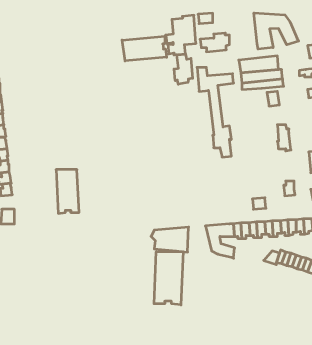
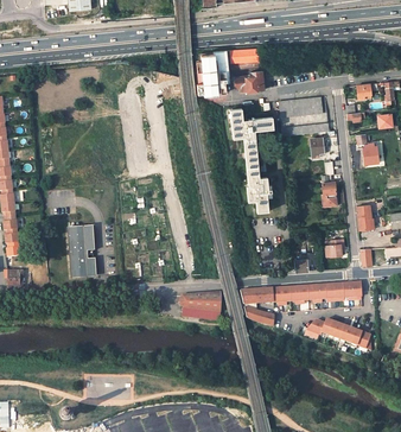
building: [254,13,299,49] -> none
building: [122,36,167,61] -> none
building: [174,54,193,84] -> none
building: [154,252,183,305] -> none

